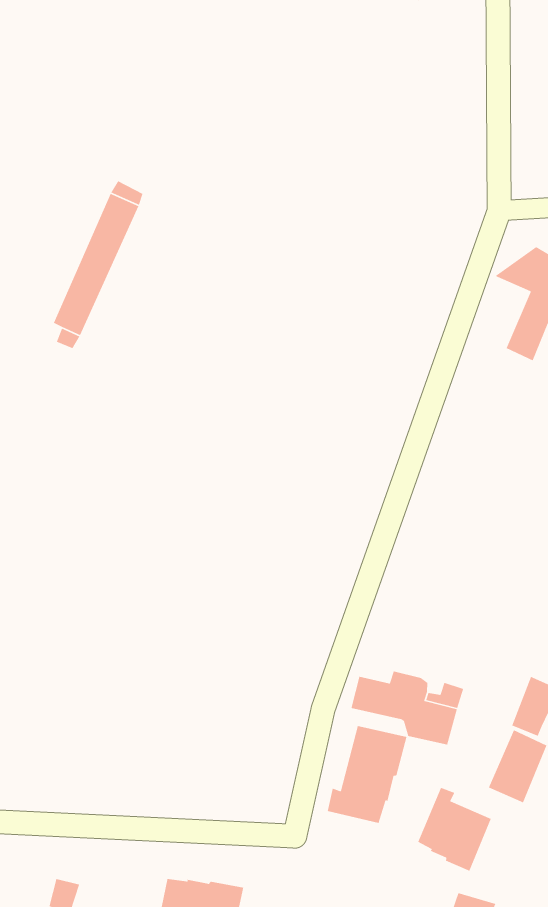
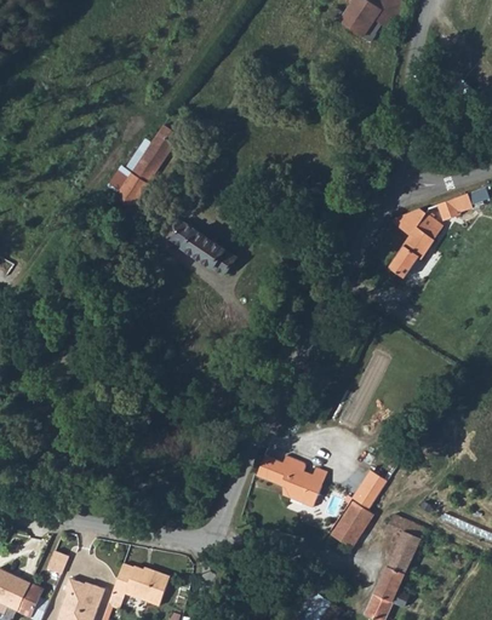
building: none -> [171,220,235,276]
building: [327,725,408,824] -> none
building: [417,787,492,872] -> none

